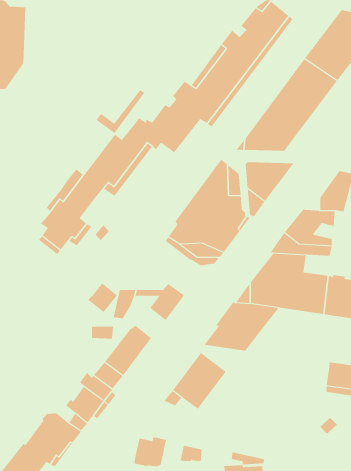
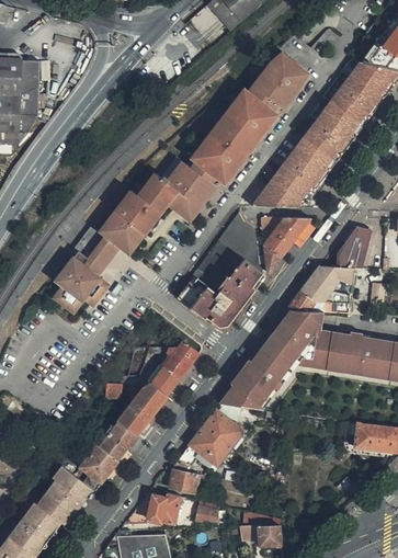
building: [95,89,145,134] -> [171,174,221,219]
building: [88,283,118,313] -> [150,365,181,396]
building: none -> [169,468,197,498]

